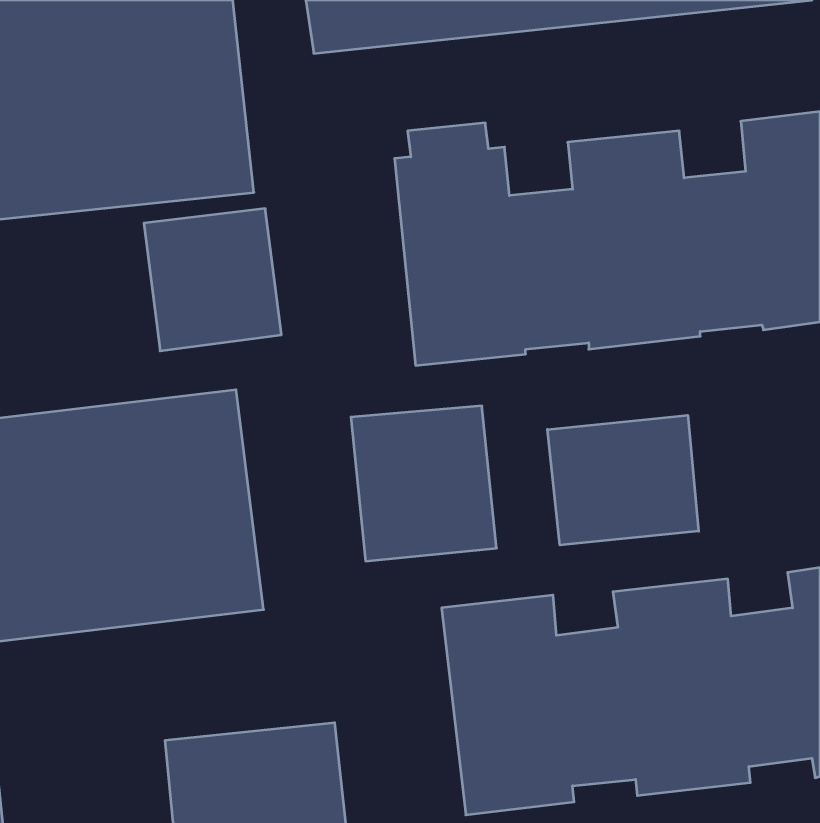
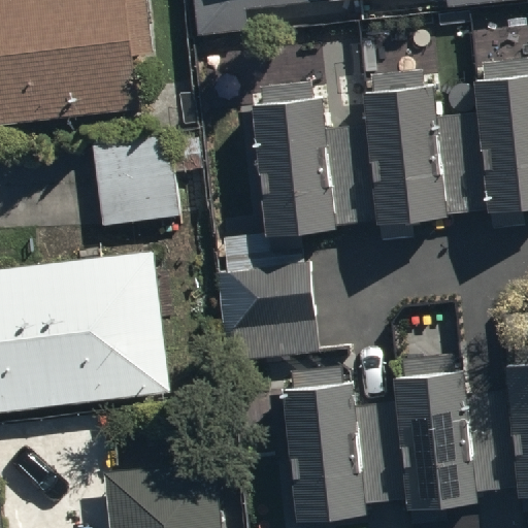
building: [547,415,699,545] -> none

